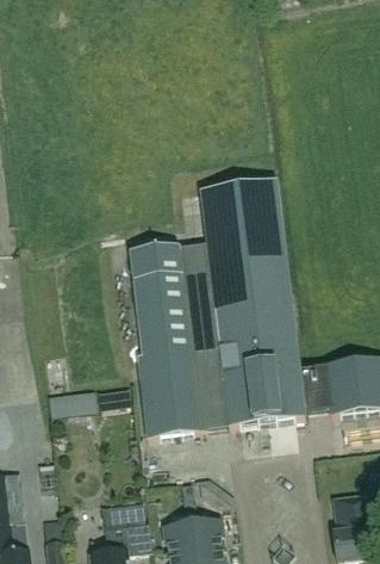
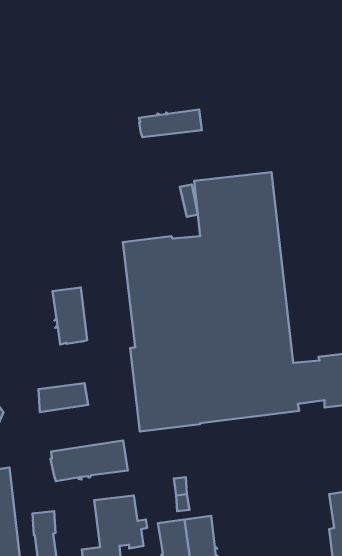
building: none -> [139,110,202,137]
building: none -> [52,288,87,344]
building: none -> [51,441,128,481]

